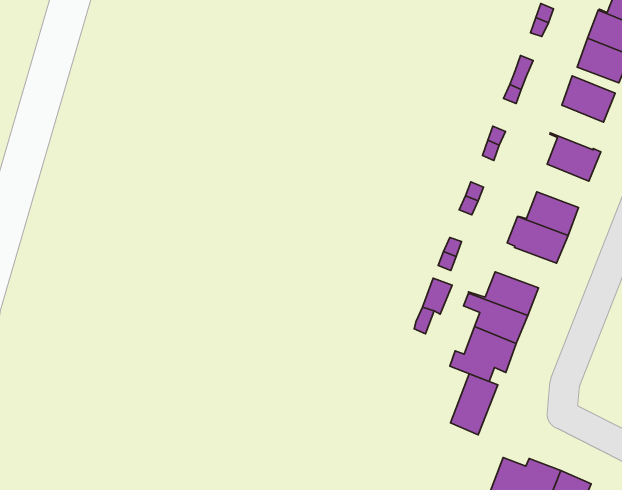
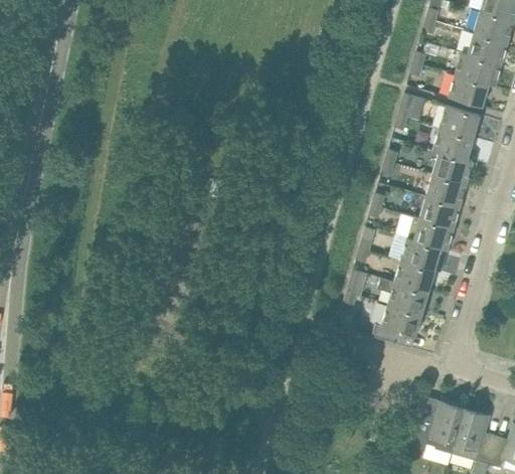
building: none -> [434,127,474,159]
building: none -> [427,173,467,204]
building: none -> [401,236,448,271]
building: [450,374,498,435] -> none

